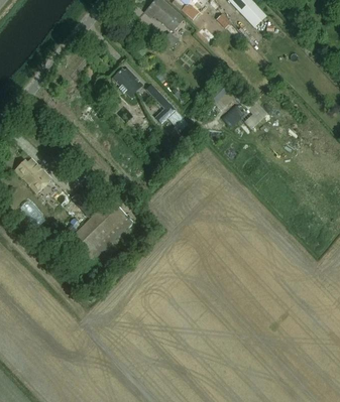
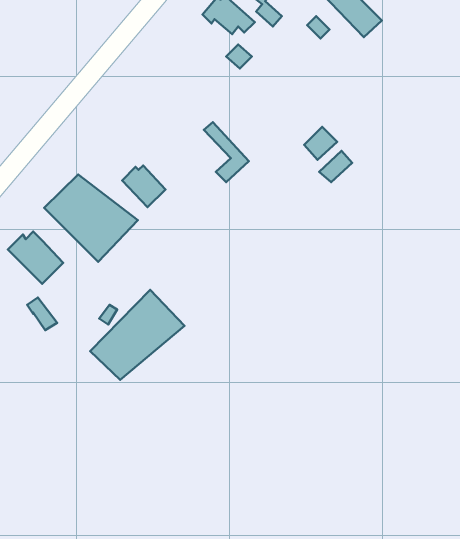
building: [113,69,142,97] -> [122,165,166,207]
building: none -> [44,175,138,262]

